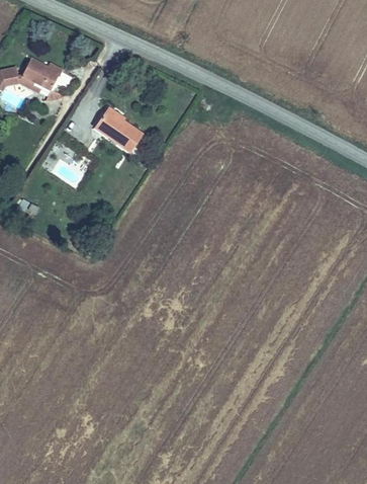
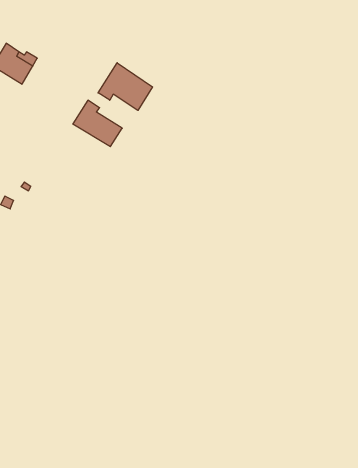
building: none -> [98,63,153,110]

